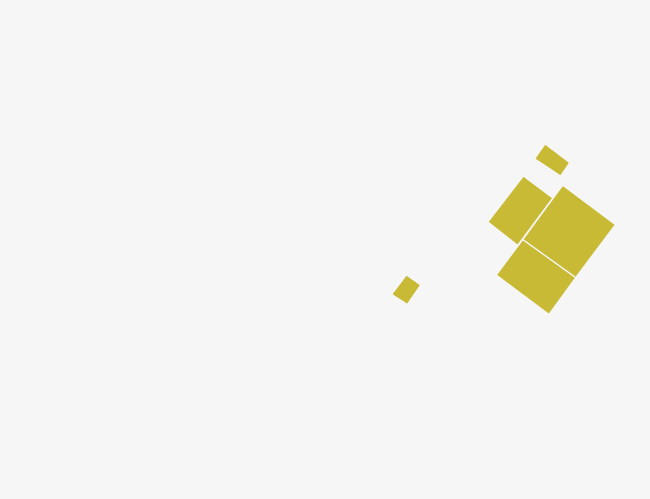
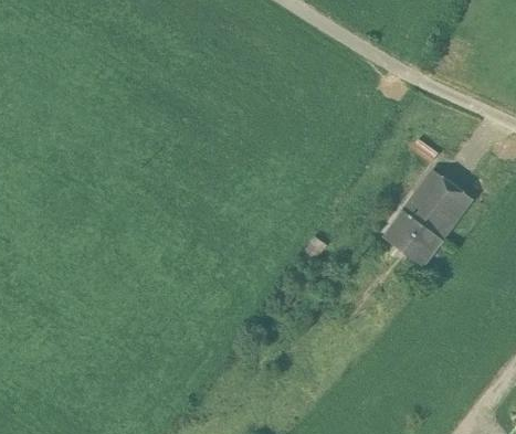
building: [488,176,553,245] -> none

